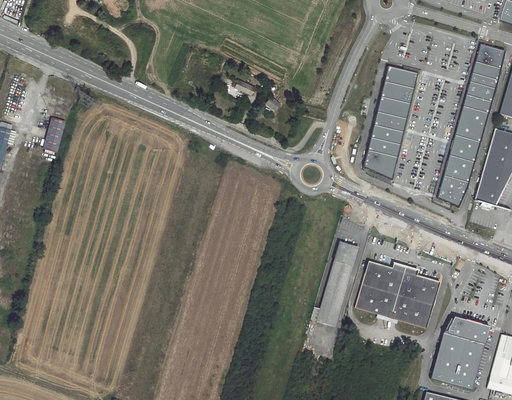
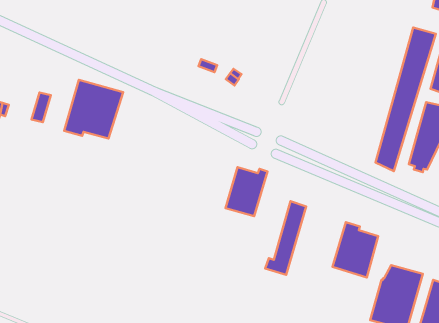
building: [363,66,419,181] -> none
building: none -> [64,80,123,139]
building: [355,261,403,317] -> [225,167,267,216]

